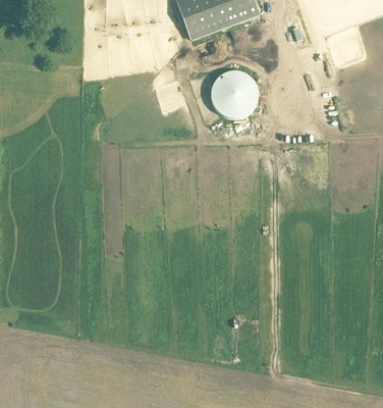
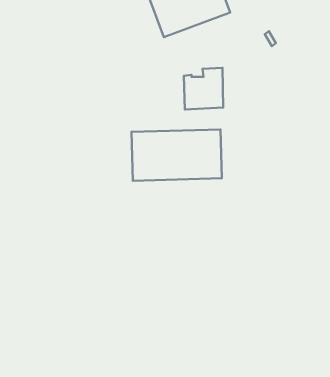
building: none -> [132,129,222,181]

